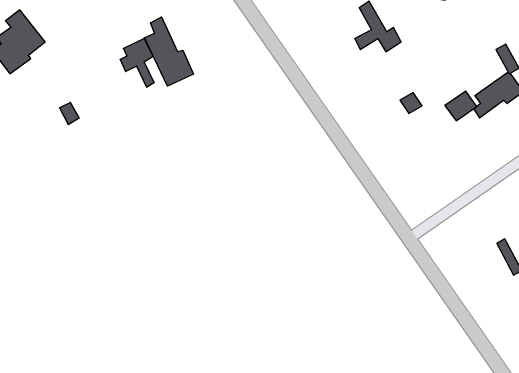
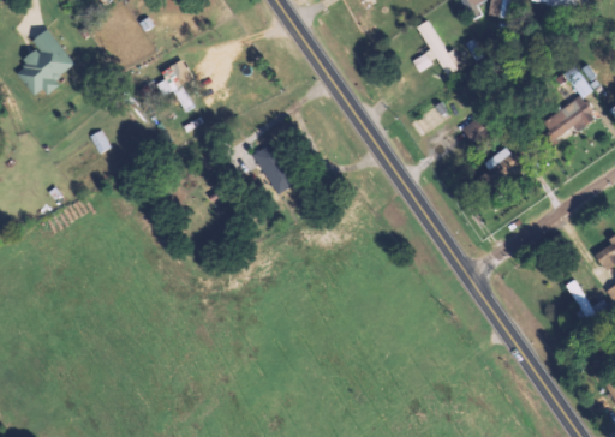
building: [144,17,194,86] -> none
building: [445,91,477,121] -> [484,146,519,179]
building: none -> [255,142,293,193]

